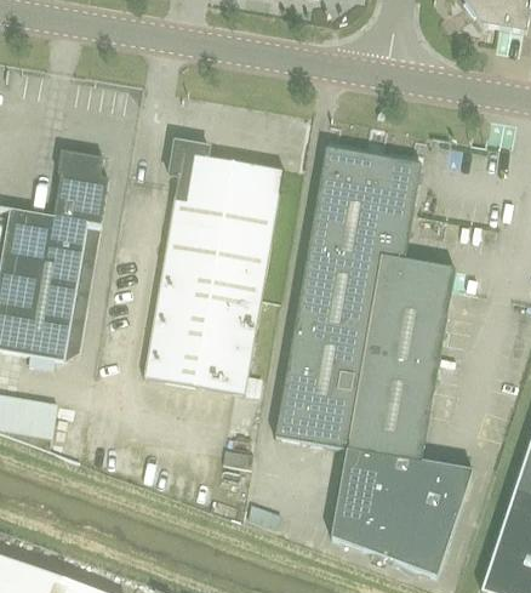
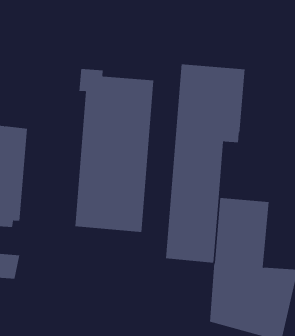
building: [55,149,109,224] -> none
building: [365,258,456,365] -> none

